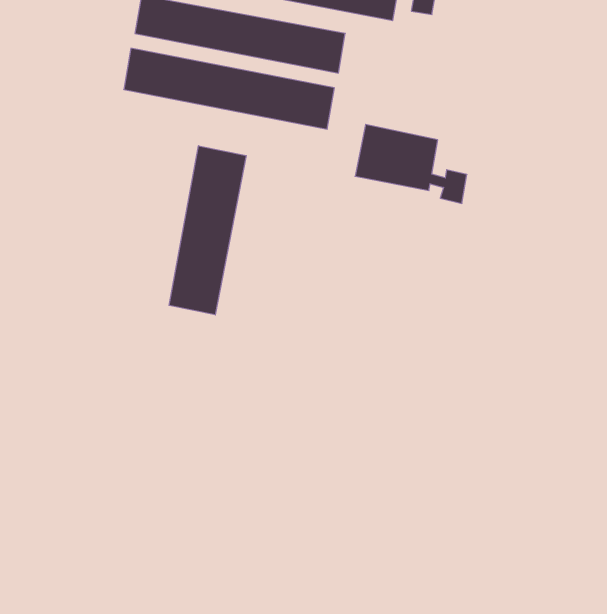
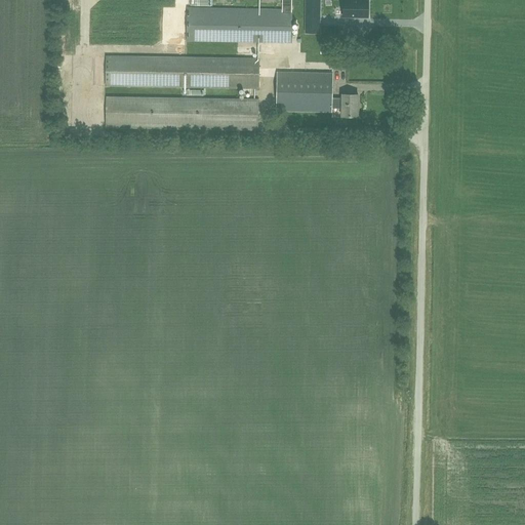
building: [355,124,467,203] -> [276,71,357,116]
building: [169,146,246,315] -> none

